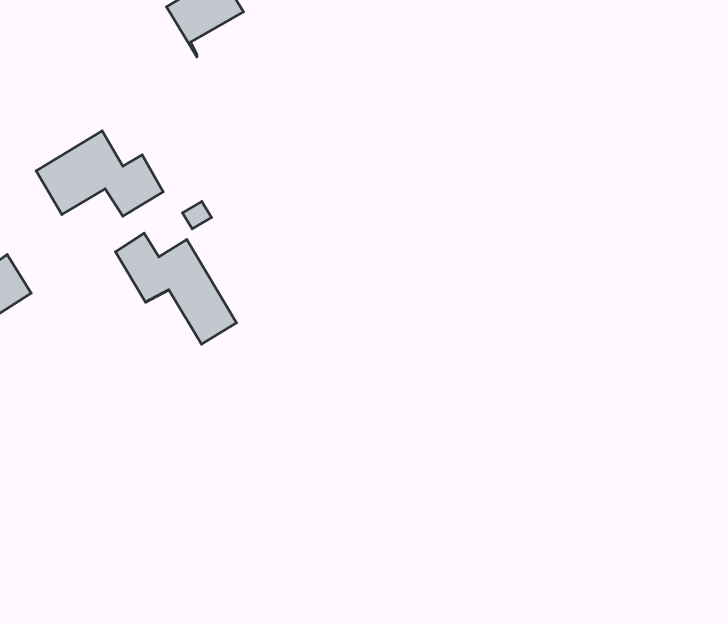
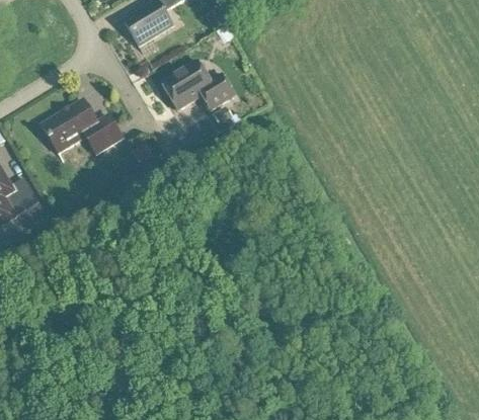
building: none -> [161,60,235,109]
building: [115,233,236,344] -> none

